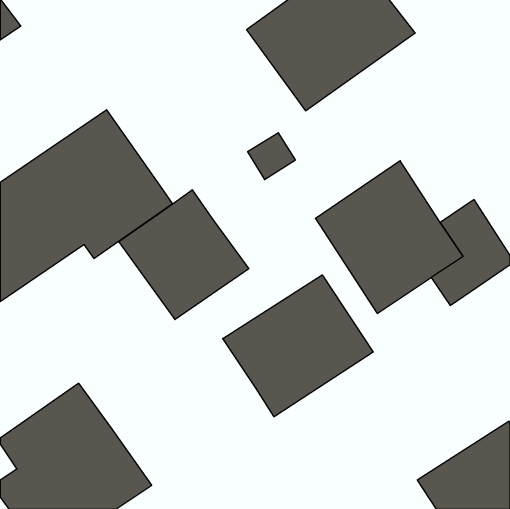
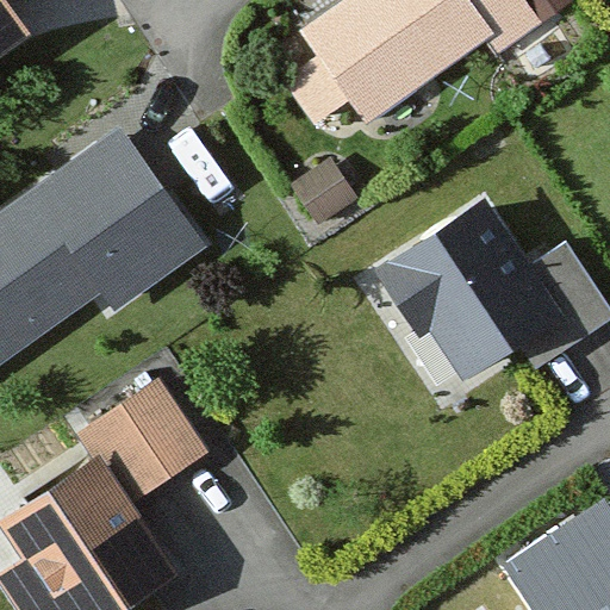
building: [119,190,249,320] -> none
building: [223,275,373,417] -> none
building: none -> [86,380,206,504]

